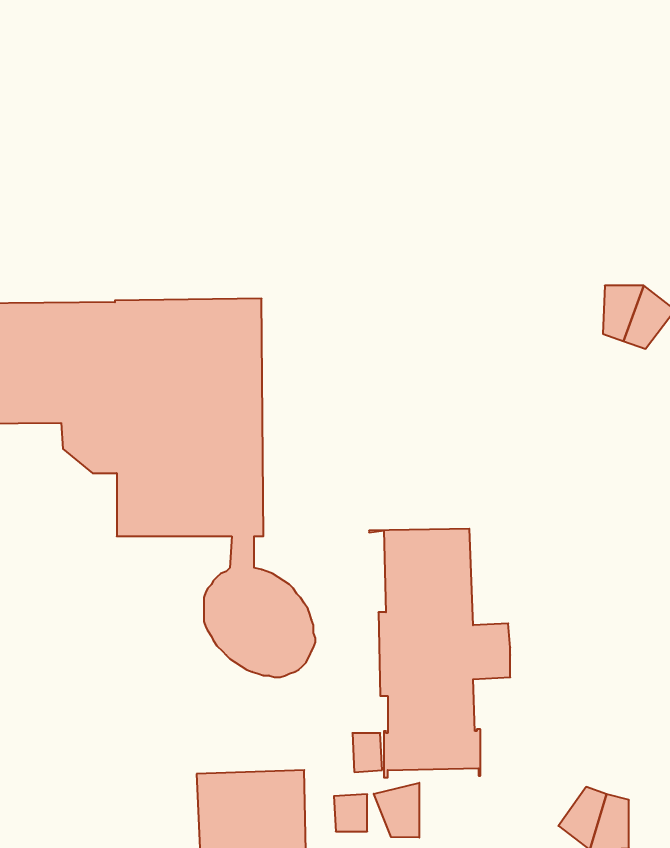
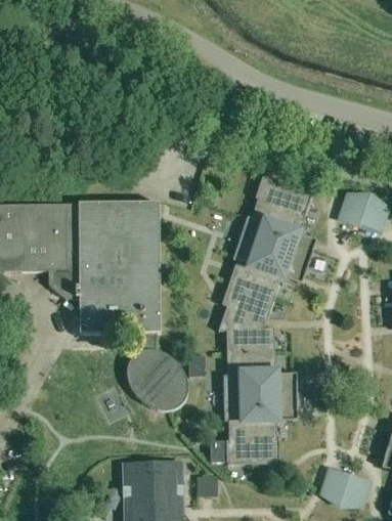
building: none -> [219,172,314,329]
building: [374,783,419,838] -> none

